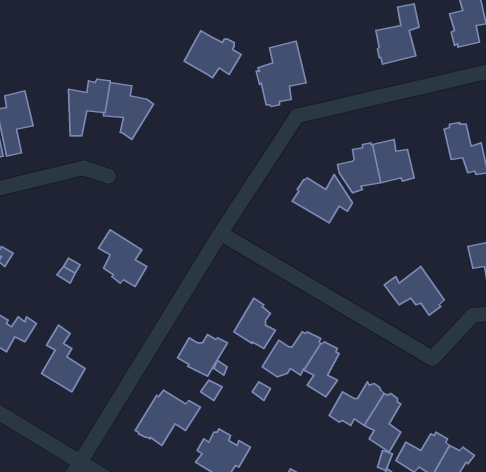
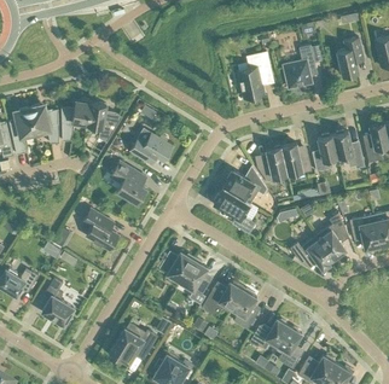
building: [184,31,241,78] -> [130,128,172,162]
building: [256,41,306,106] -> [237,51,273,98]
building: none -> [29,103,58,142]
building: none -> [313,132,337,170]
building: none -> [110,159,146,202]
building: none -> [213,186,255,232]
building: none -> [315,210,346,258]
building: [177,334,228,376] -> [158,250,194,280]

